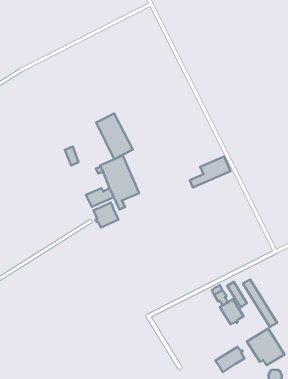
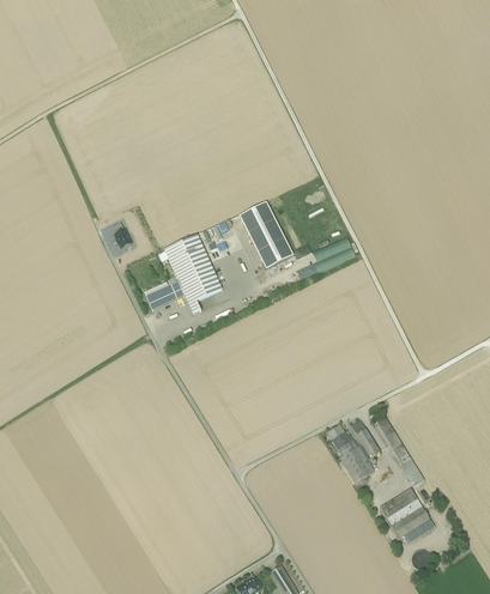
building: [96,114,133,159] -> [240,201,294,268]
building: [93,203,118,227] -> none
building: [216,347,245,372] -> none

